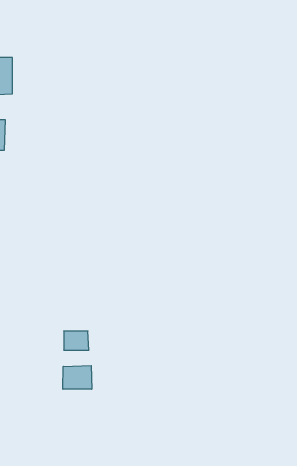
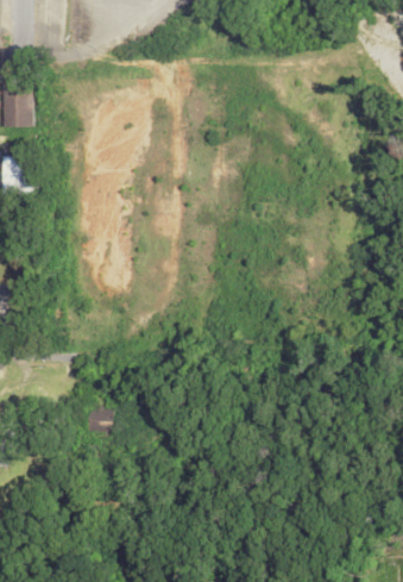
building: [63,366,92,389] -> none

